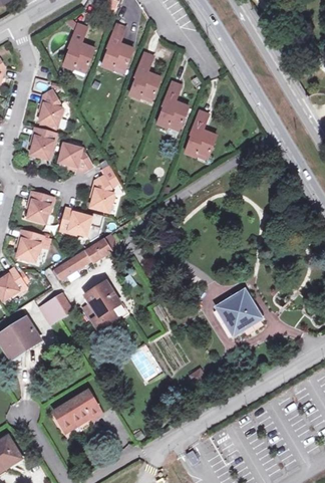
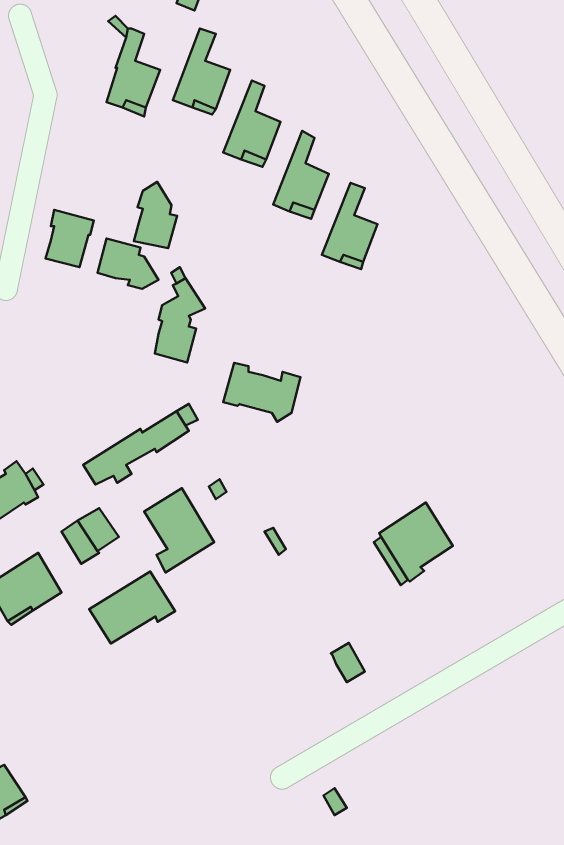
building: [39,88,63,126] -> [134,182,177,248]
building: [27,191,54,223] -> none
building: [60,207,103,240] -> [223,363,300,422]
building: [17,229,44,261] -> none
building: [53,391,101,431] -> [89,572,175,643]

